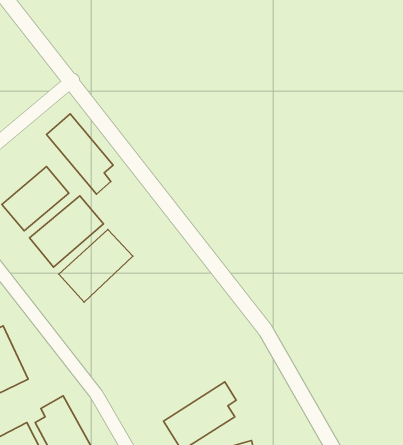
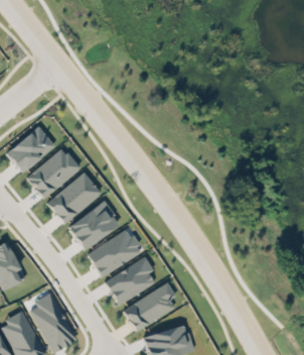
building: [46,114,113,194] -> none
building: none -> [67,202,120,249]
building: none -> [88,229,142,277]
building: none -> [105,256,155,304]

